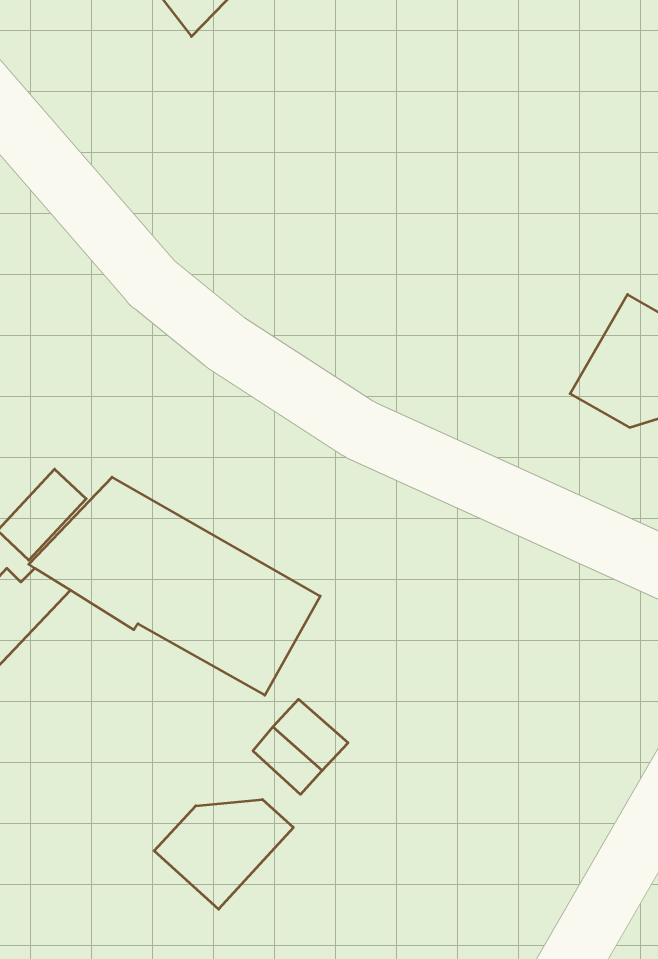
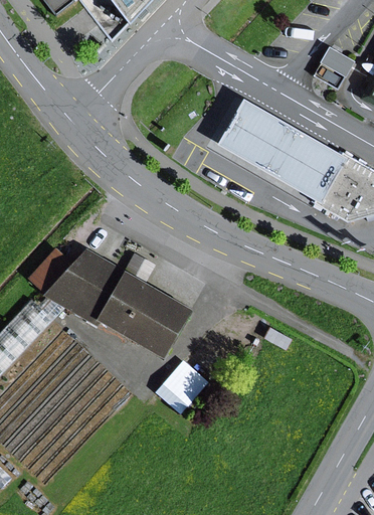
building: none -> [315,44,355,87]
building: none -> [217,98,349,206]
building: [154,799,293,909] -> none

